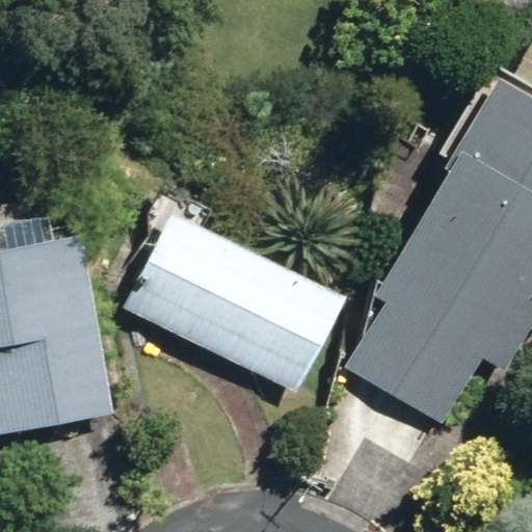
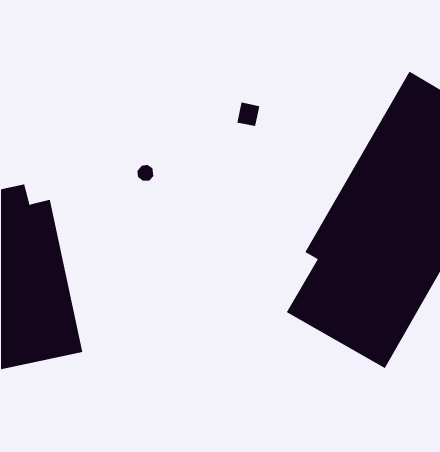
building: [122,213,342,391] -> none

